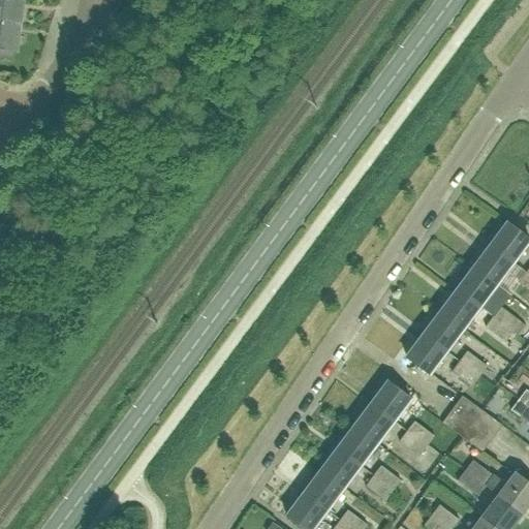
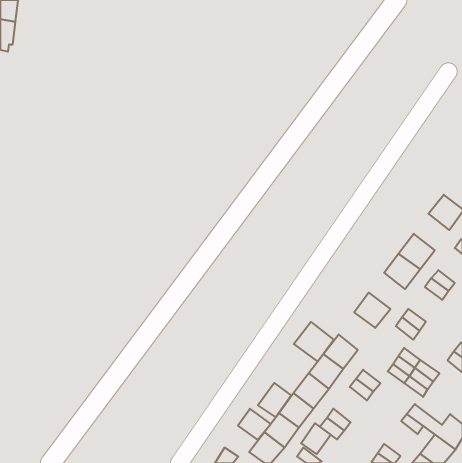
building: [473,244,514,285] -> none
building: [422,311,463,352] -> none
building: none -> [294,322,334,361]
building: none -> [258,383,291,417]
building: none -> [238,409,271,440]
building: none -> [301,423,331,454]

